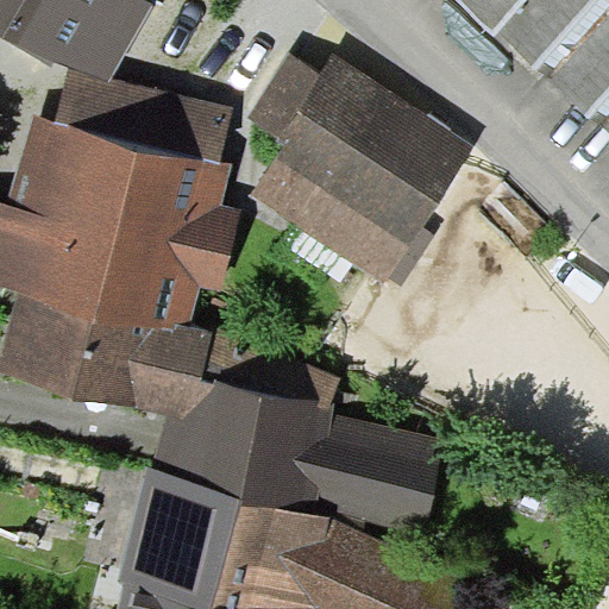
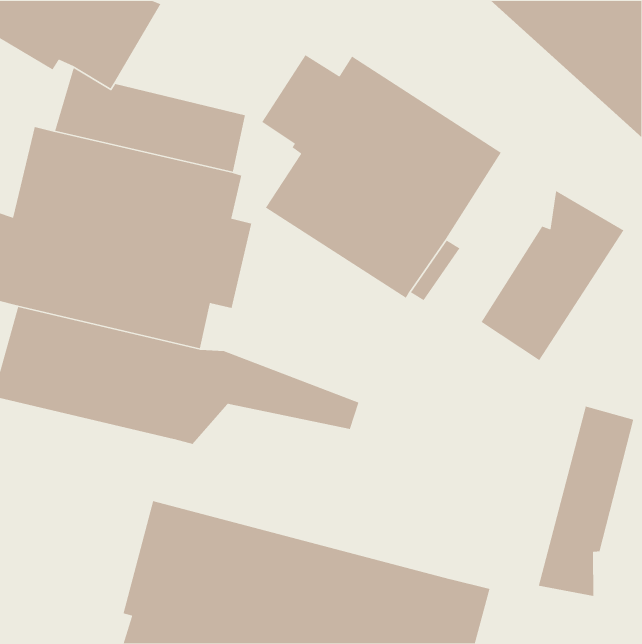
building: none -> [481,190,624,361]
building: [144,382,445,546] -> none
building: none -> [538,405,634,597]

